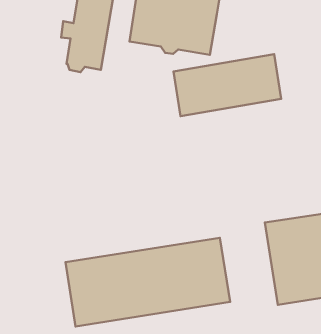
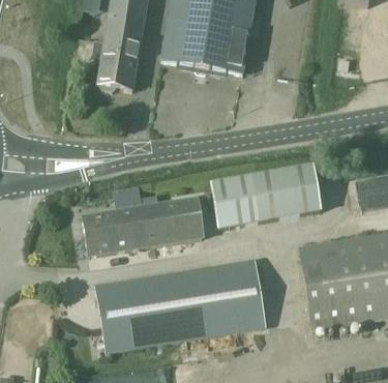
building: [173,54,281,116] -> [210,166,320,229]
building: none -> [83,187,202,254]

